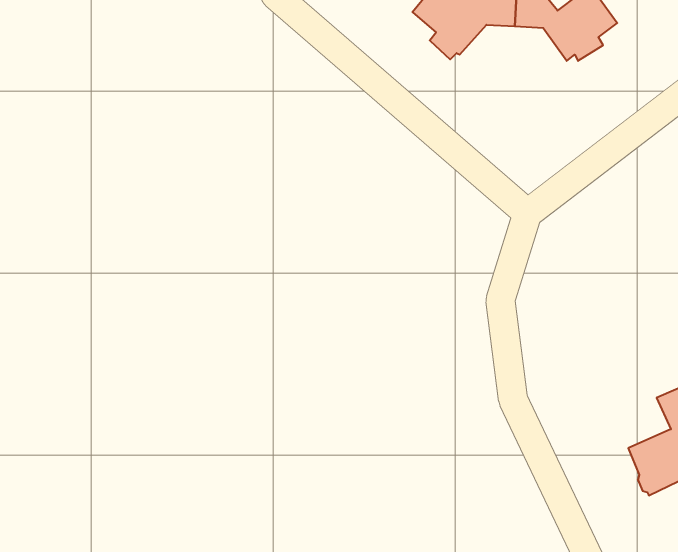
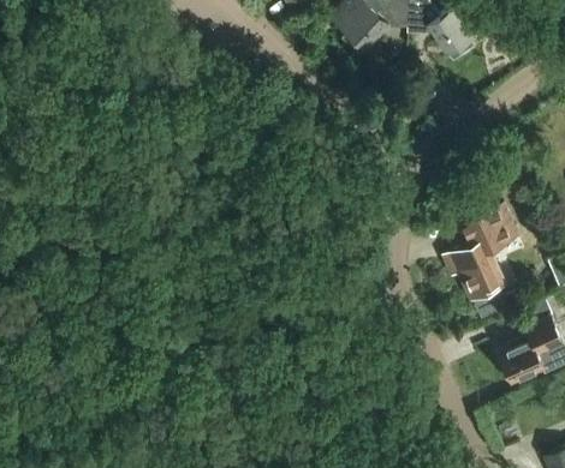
building: none -> [452,206,519,317]

